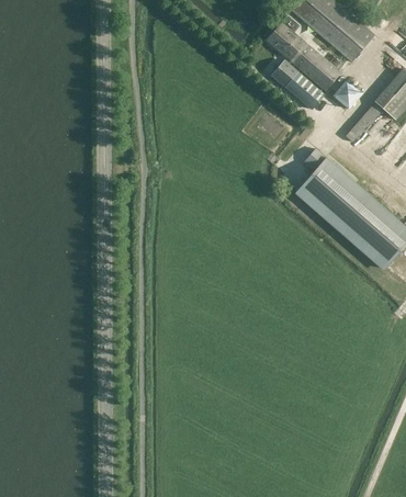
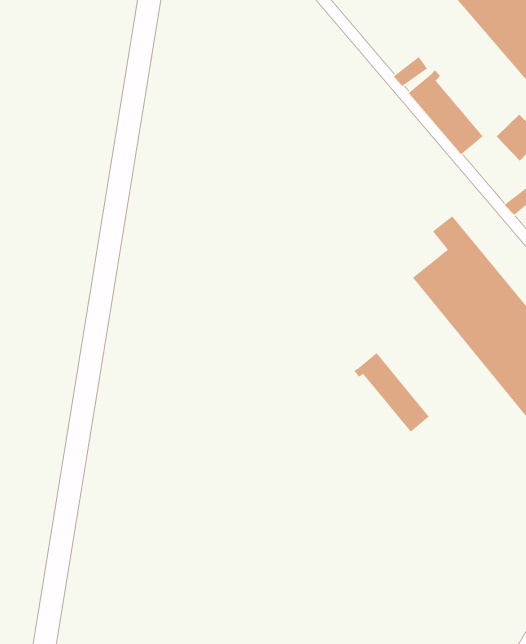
building: [266,23,340,90] -> none
building: none -> [353,352,430,432]

